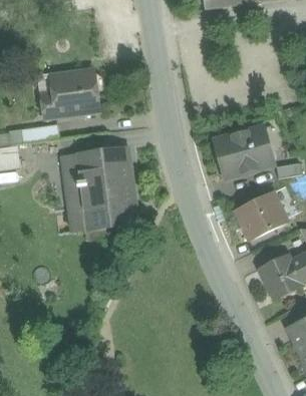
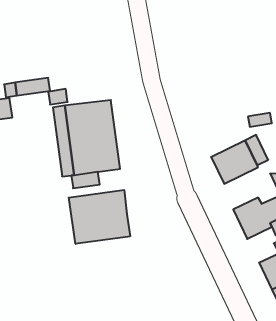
building: [40,70,101,116] -> none
building: [214,127,271,175] -> none
building: none -> [69,190,130,244]

